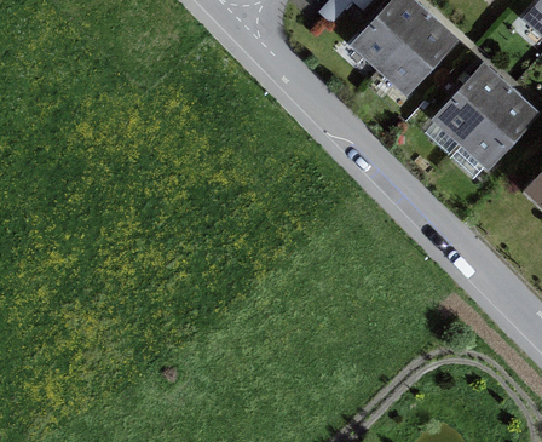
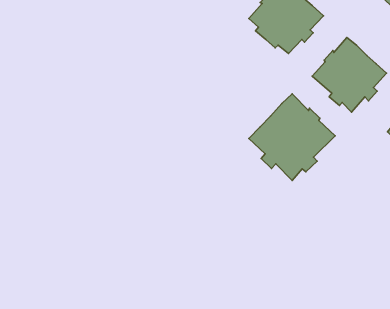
building: none -> [249,94,335,180]

